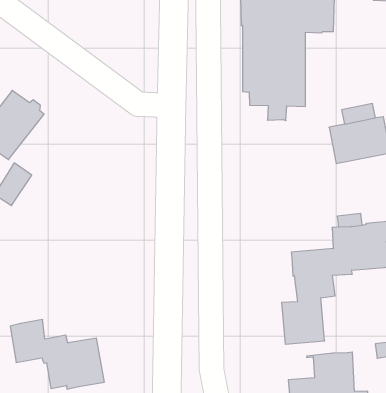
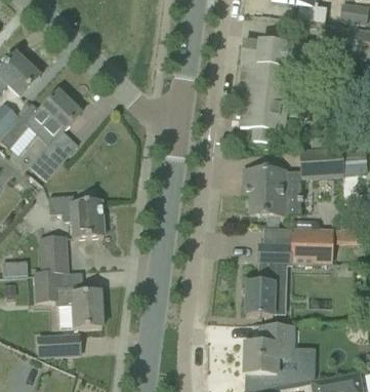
building: none -> [243,168,299,214]
building: none -> [48,194,102,237]
building: none -> [40,235,67,273]

